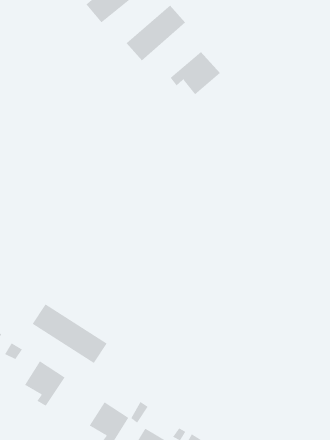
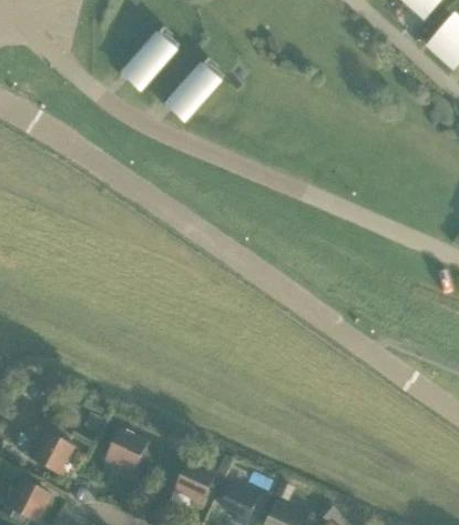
building: [170,51,221,95] -> none
building: [32,303,108,364] -> none

